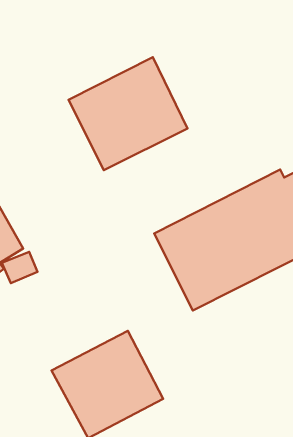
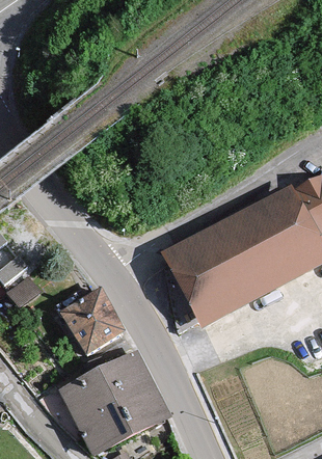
building: [68,57,187,170] -> none
building: none -> [59,289,124,354]

